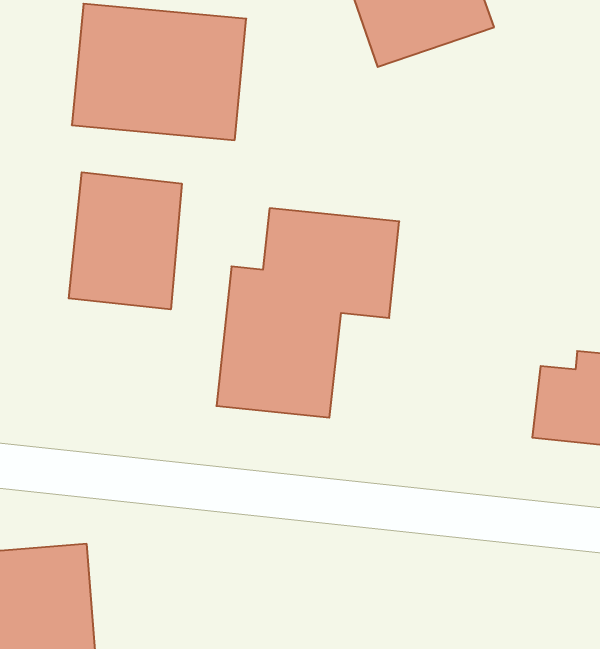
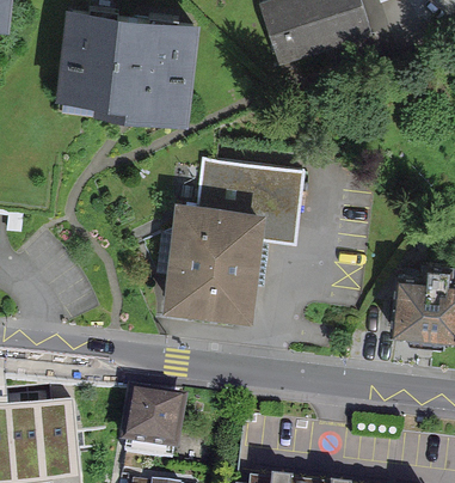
building: [69,172,182,309] -> none
building: none -> [127,395,183,459]

